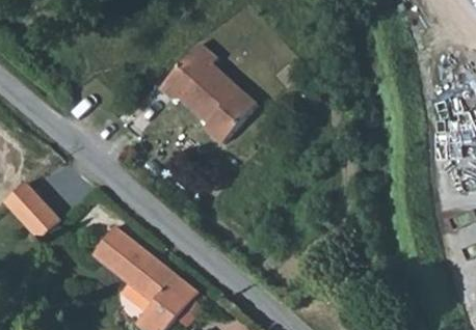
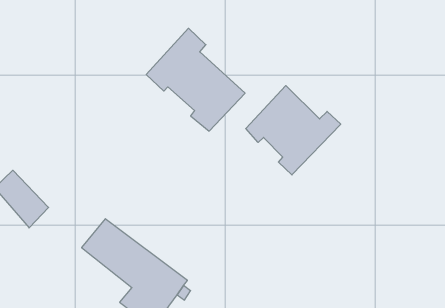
building: none -> [246,86,341,175]

